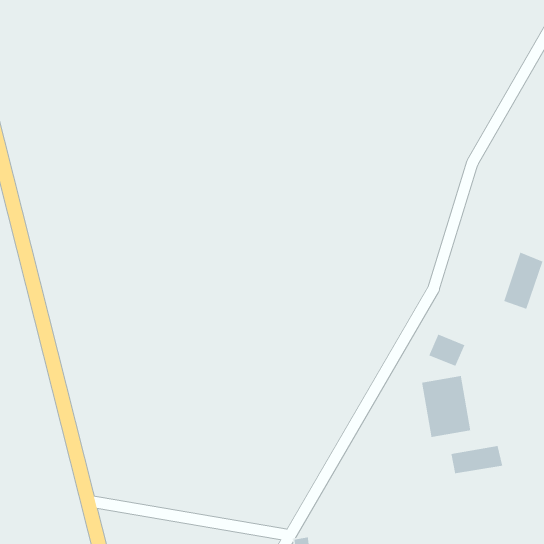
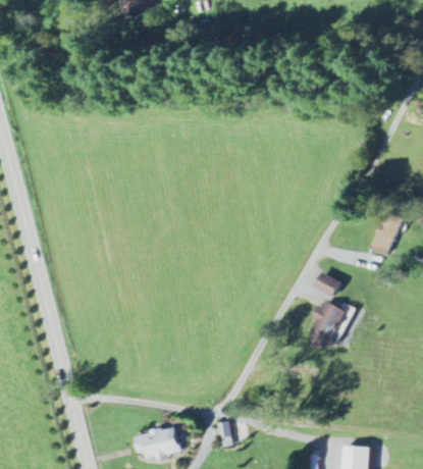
building: [451,445,503,474] -> none

